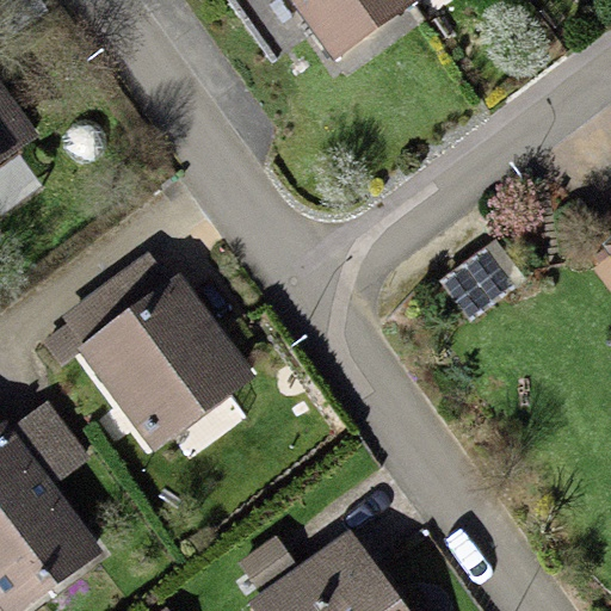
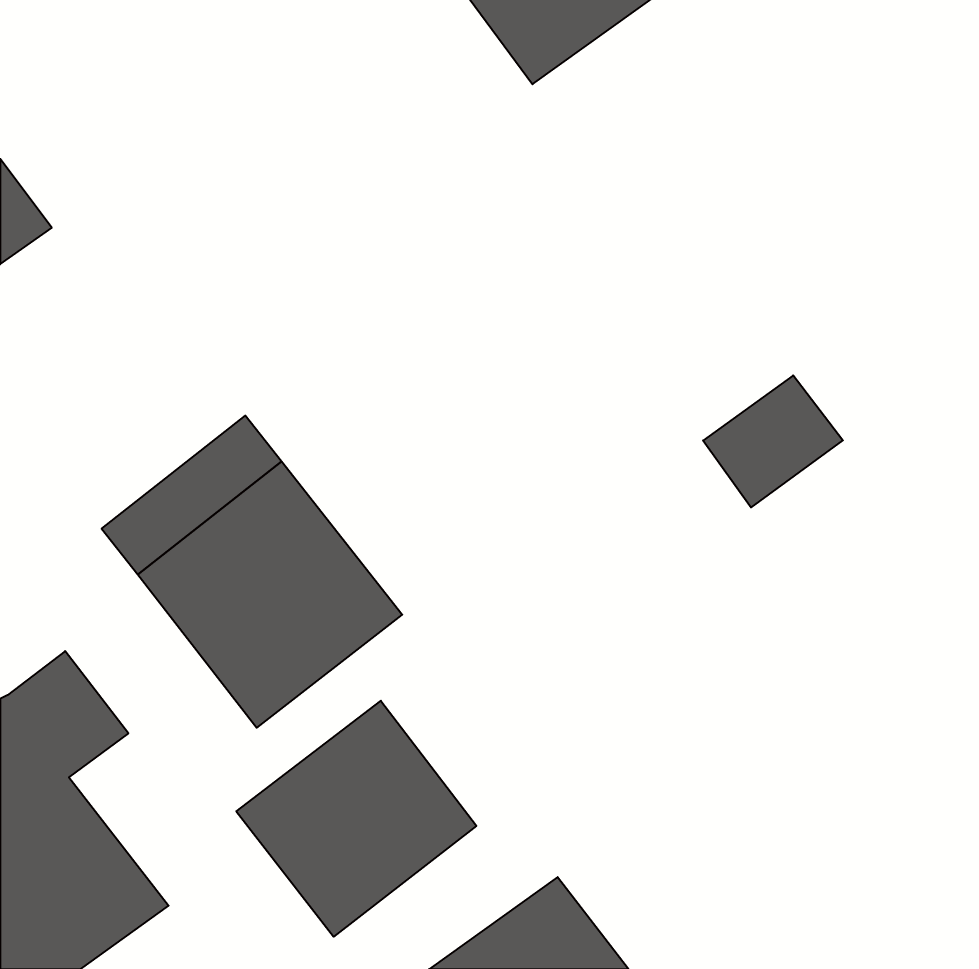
building: none -> [236,701,476,937]

